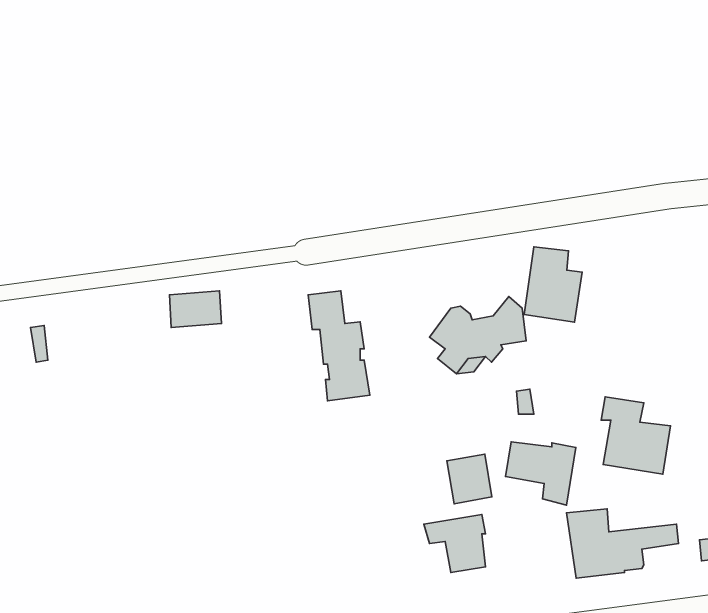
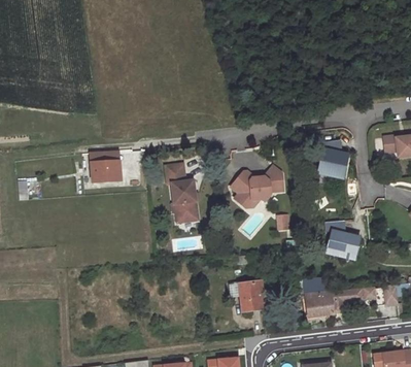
building: [524,247,582,322] -> [316,138,347,178]
building: [505,442,576,505] -> none
building: [447,454,492,504] -> none

